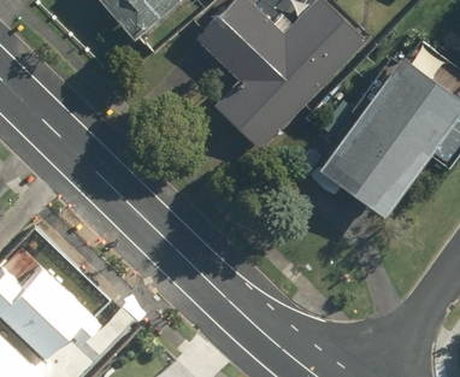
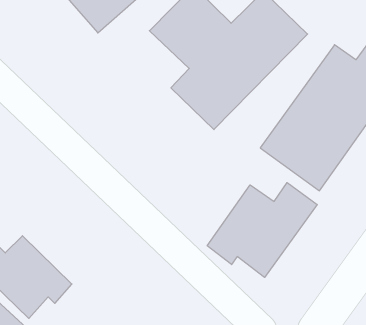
building: none -> [207,183,317,277]

